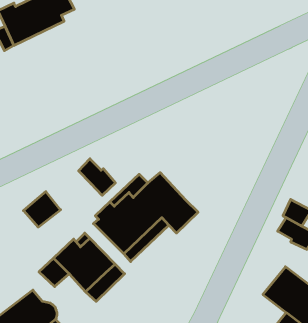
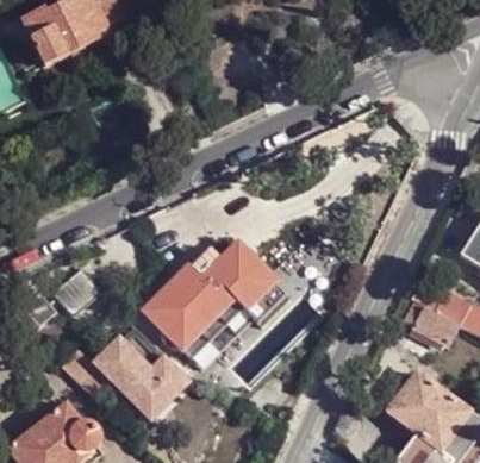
building: [79,159,115,195] -> none

